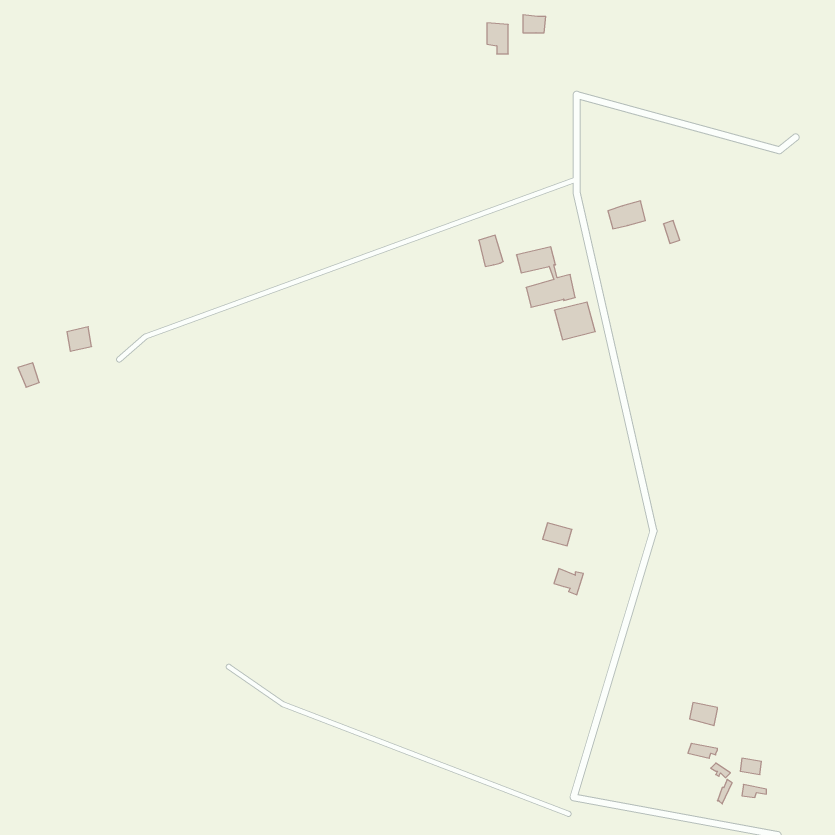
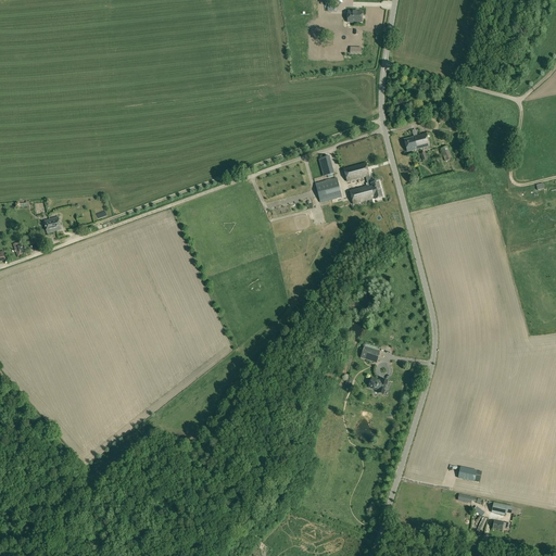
building: [554,302,595,340] -> [315,178,342,203]

